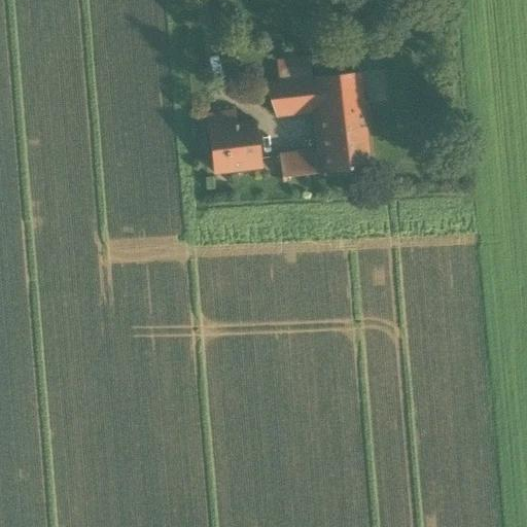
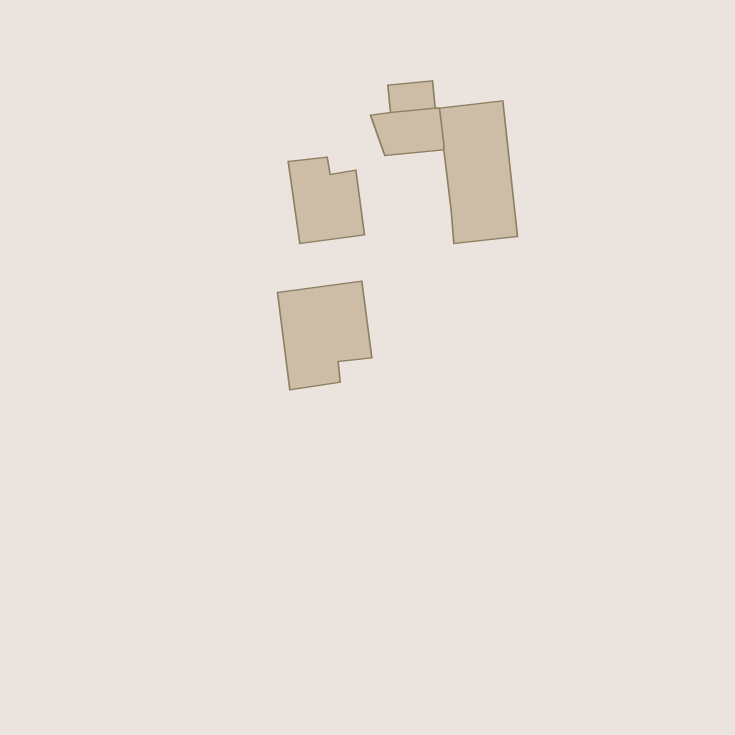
building: [279,150,325,179] -> none
building: none -> [277,281,372,390]

